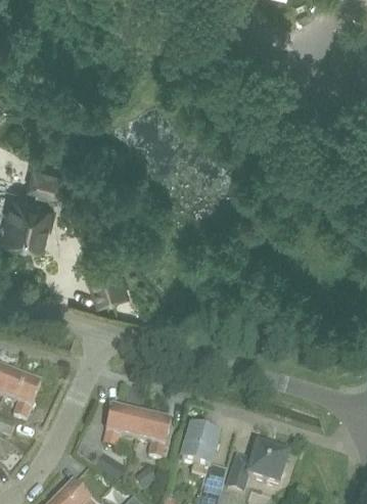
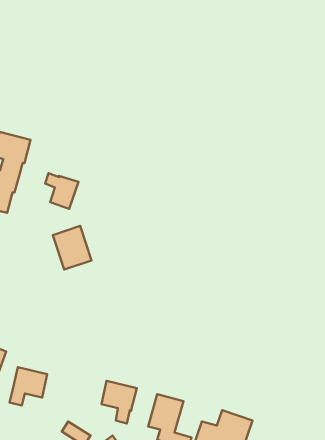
building: none -> [45,173,78,209]
building: [103,406,141,445] -> [10,367,47,406]

